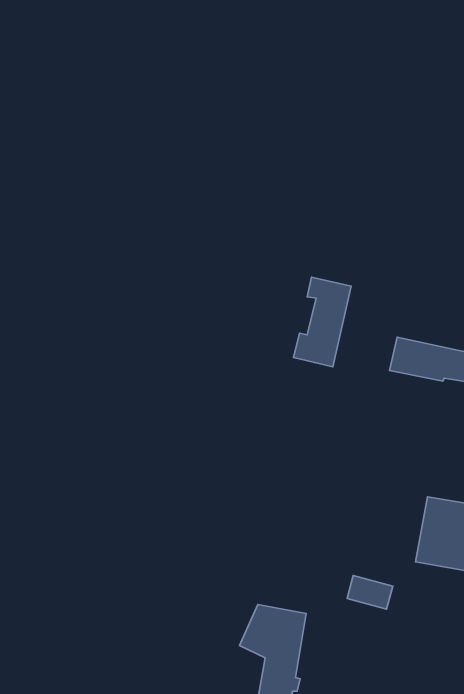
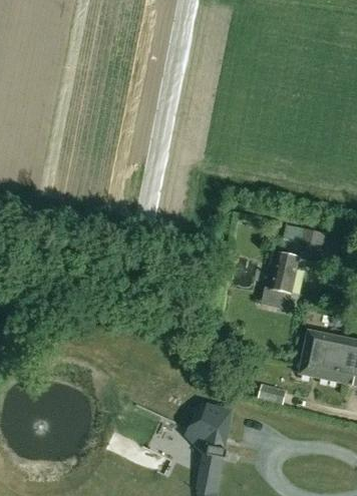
building: [293,277,351,367] -> [262,251,300,310]

